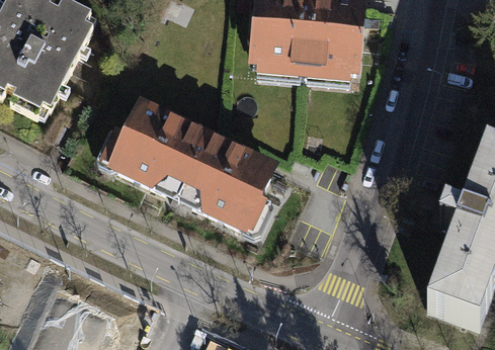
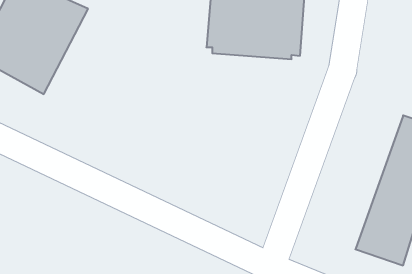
building: [96,93,276,231] -> none

